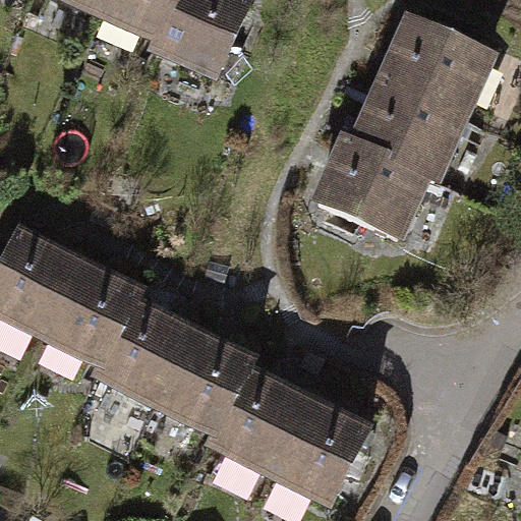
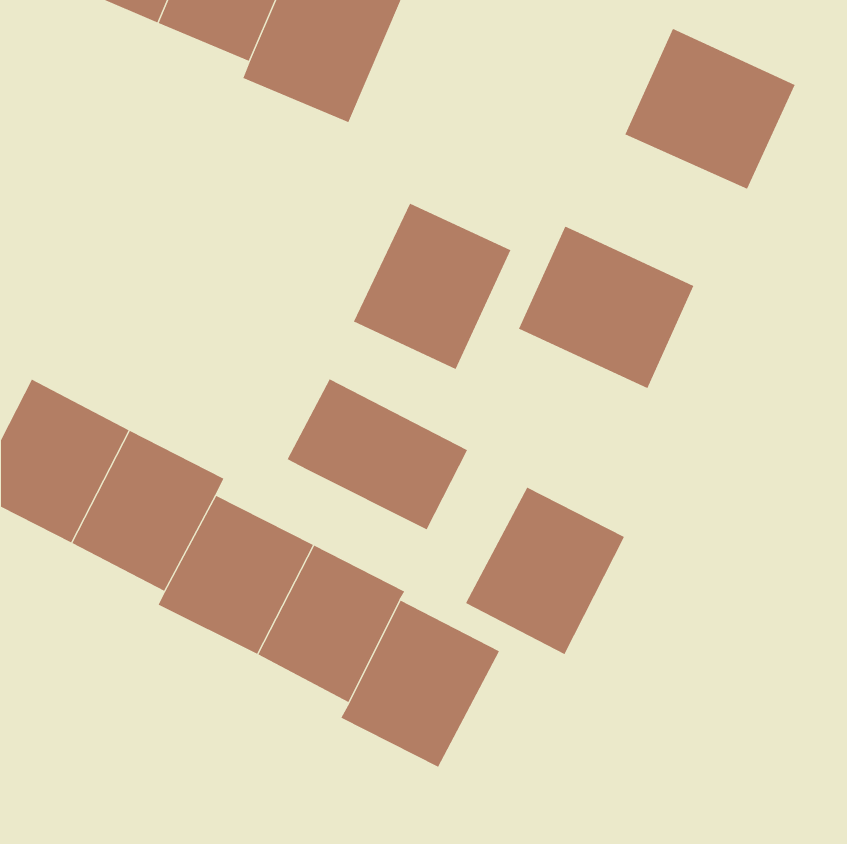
building: [356,82,459,177] -> none
building: none -> [353,203,511,370]
building: none -> [287,379,468,530]
building: [270,399,367,502] -> [465,487,625,655]

